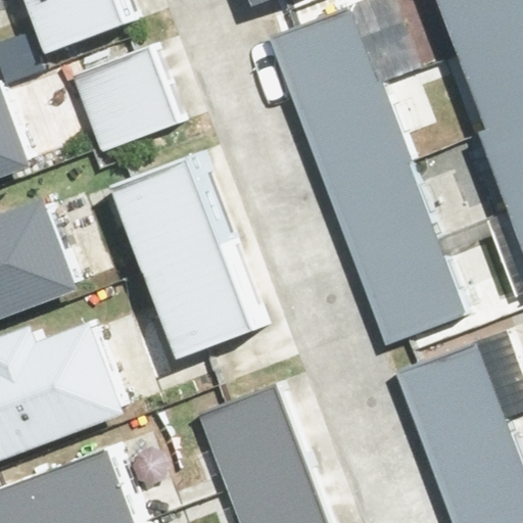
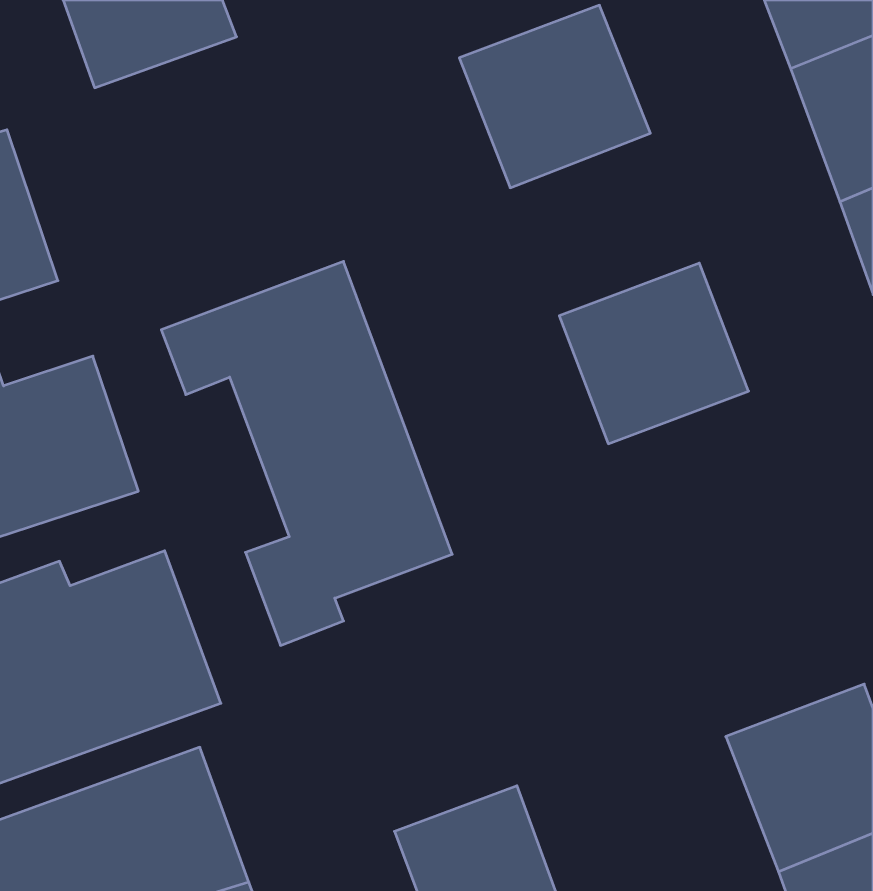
building: [76,47,178,154] -> none
building: [297,81,408,187] -> none
building: [354,231,465,337] -> none
building: [393,323,504,432] -> none
building: [200,381,301,487] -> none

